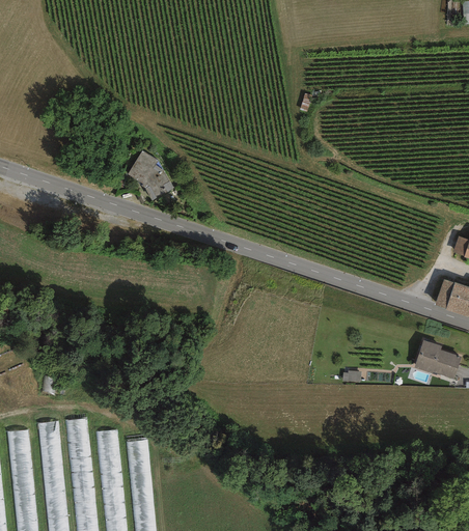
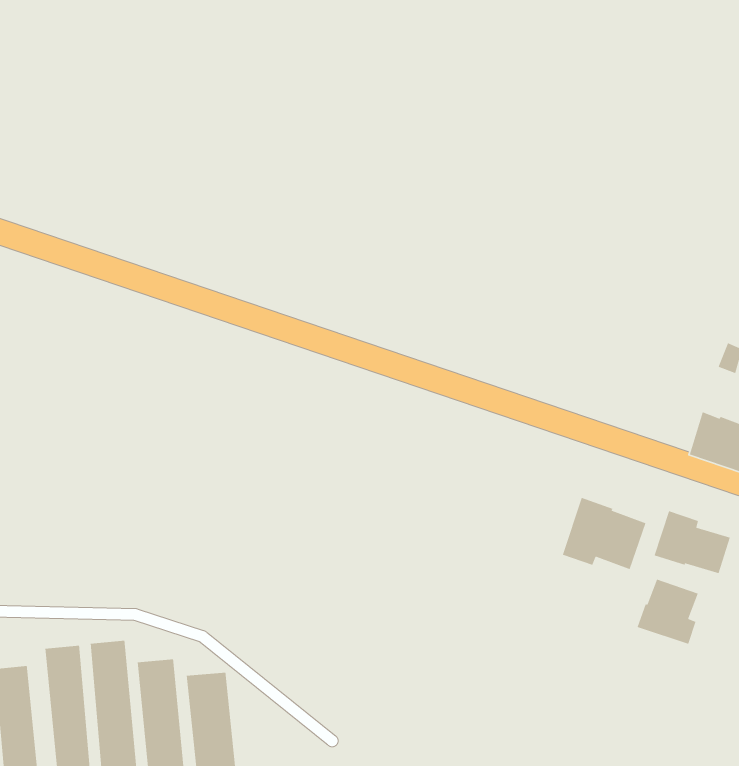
building: [130,149,174,200] -> none
building: none -> [562,497,646,570]
building: none -> [636,579,699,645]

